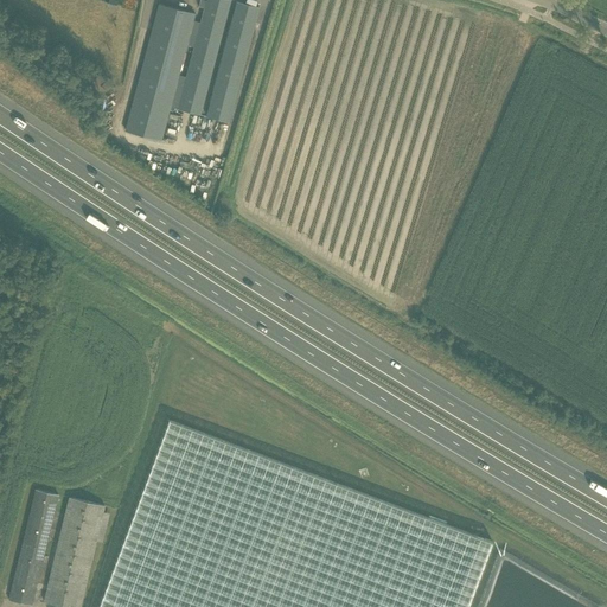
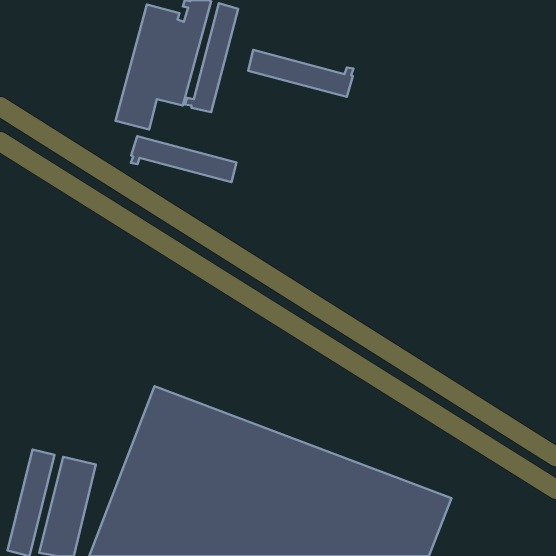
building: none -> [248,50,353,97]
building: none -> [131,136,237,182]

